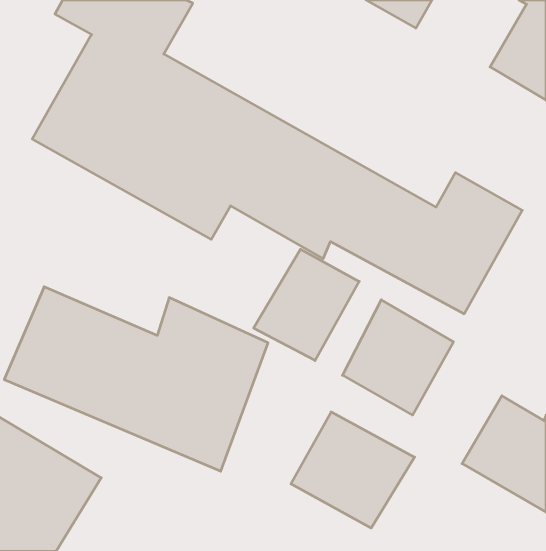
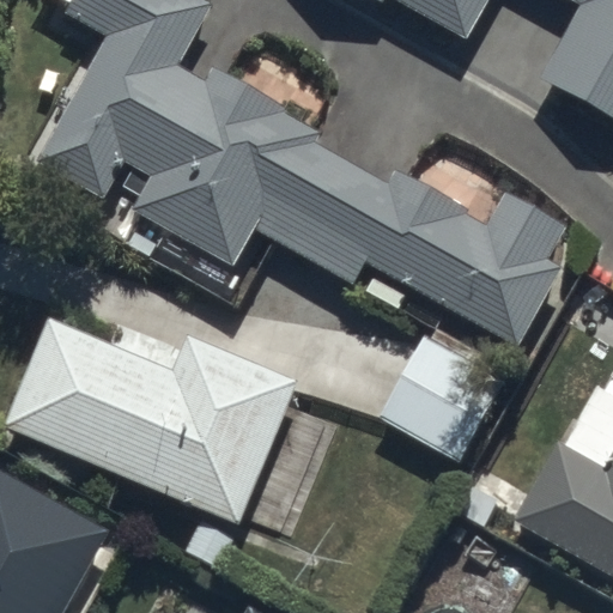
building: [254,249,359,361] -> none
building: [291,412,415,528] -> none

